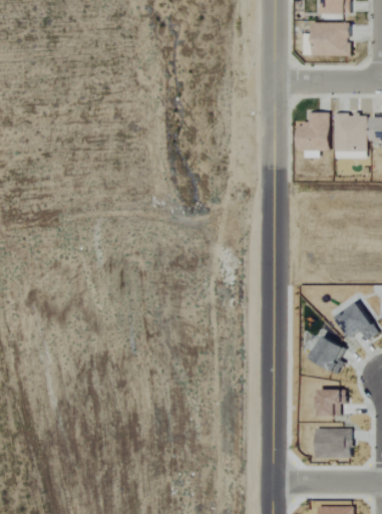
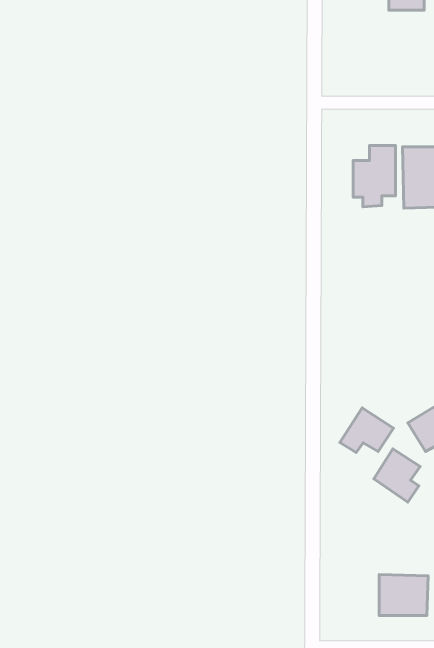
building: [311,22,349,55] -> none
building: none -> [340,408,393,453]
building: [316,390,345,416] -> none

